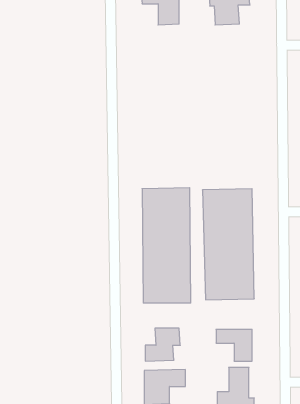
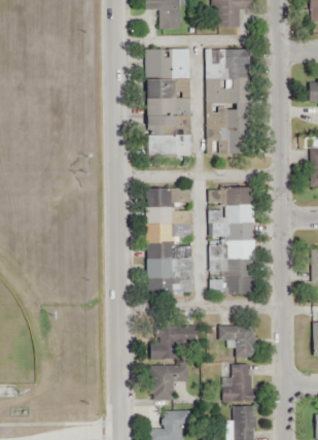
building: none -> [206,48,248,154]
building: none -> [147,49,191,157]

